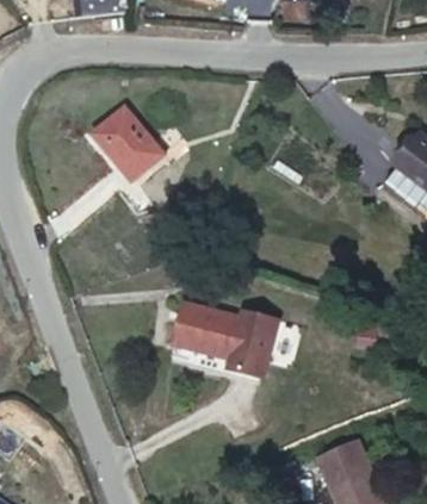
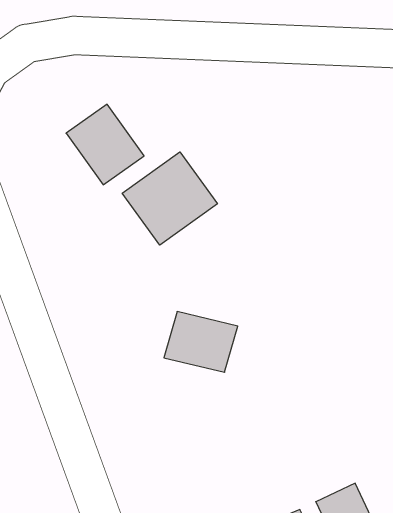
building: none -> [122,152,217,245]
building: [229,301,278,367] -> none

